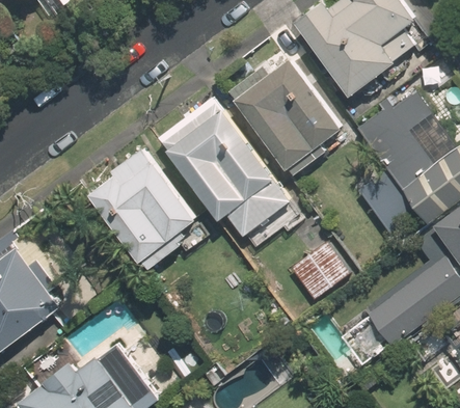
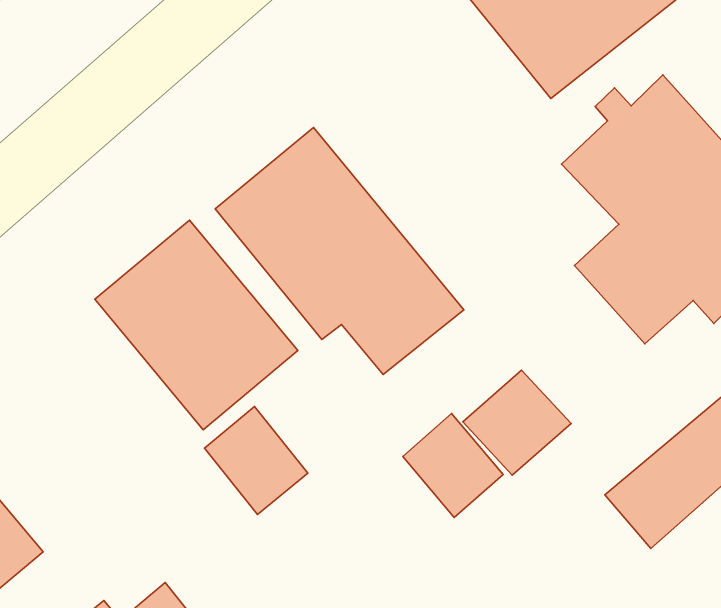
building: [232,51,344,164] -> none
building: none -> [204,407,308,515]
building: none -> [403,414,503,517]

